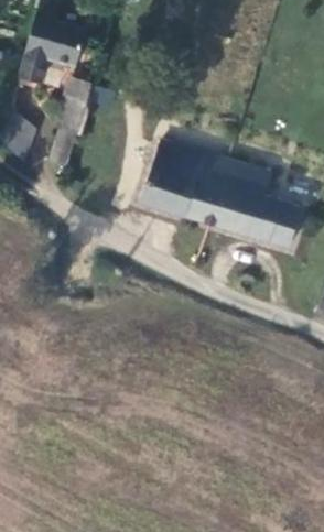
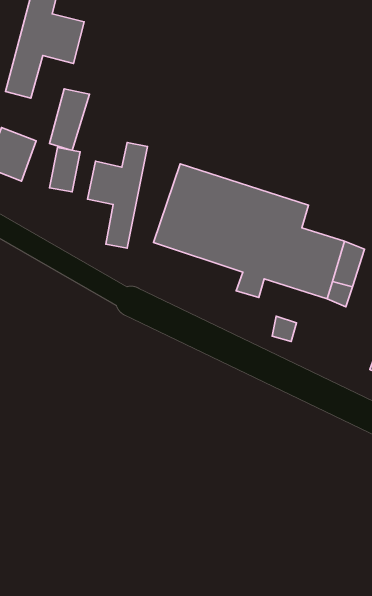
building: none -> [88,143,147,248]

